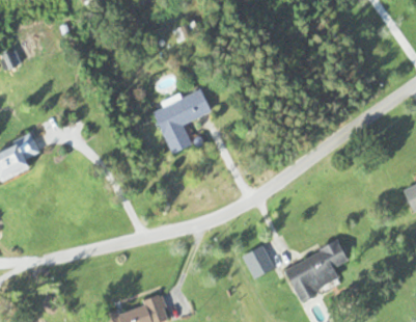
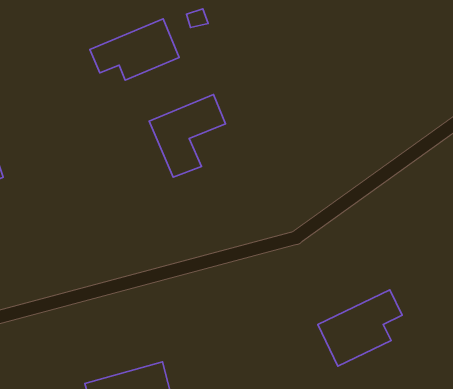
building: none -> [90,19,179,80]
building: [243,245,276,278] -> none

